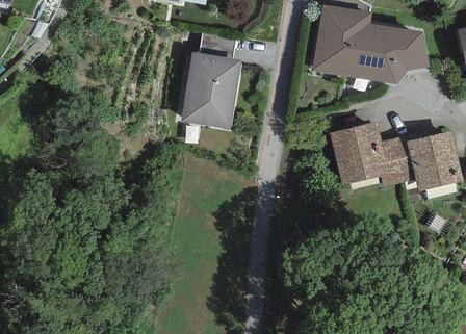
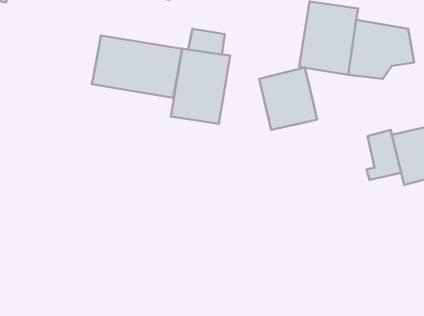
building: none -> [92,35,182,98]
building: [329,121,388,184] -> [259,68,317,130]

